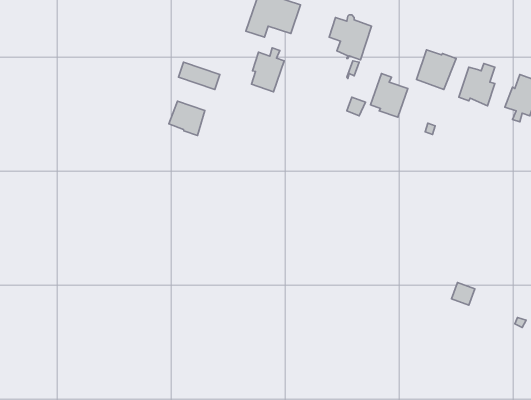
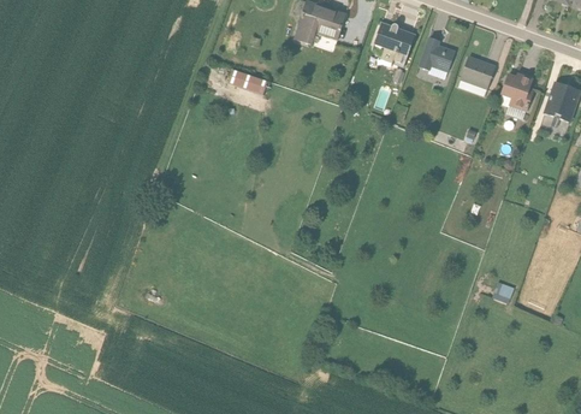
building: [251,48,284,92] -> none
building: [370,74,408,117] -> [420,35,456,77]
building: [169,101,205,135] -> none

